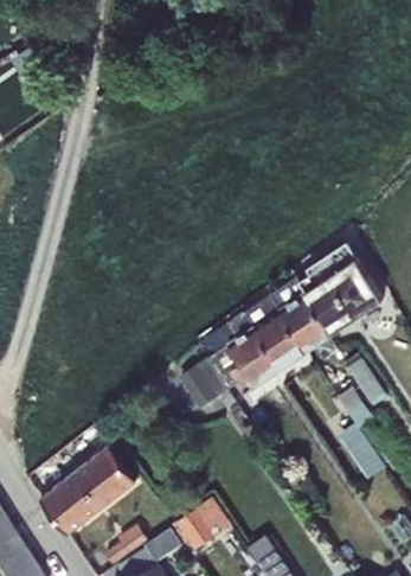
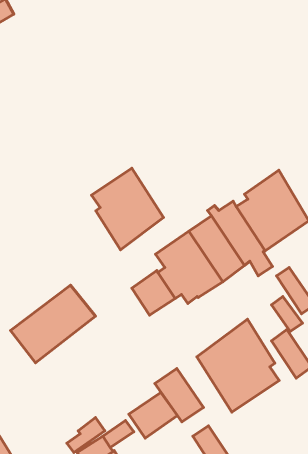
building: none -> [92,168,163,250]
building: none -> [197,319,279,412]
building: [39,446,136,535] -> [11,285,95,363]
building: none -> [155,368,204,422]

